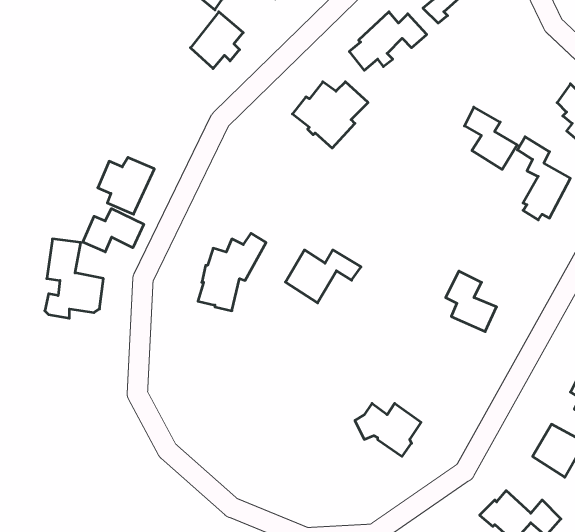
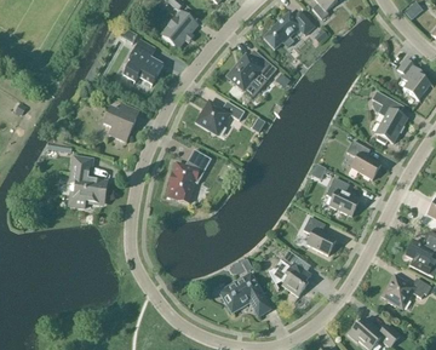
building: none -> [124,39,163,84]
building: [464,107,517,169] -> [346,139,380,179]
building: [83,209,144,252] -> none
building: [285,250,361,303] -> [196,101,245,134]
building: none -> [303,217,335,254]
building: none -> [219,272,270,316]

